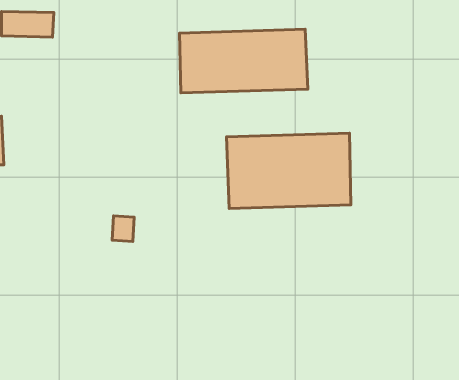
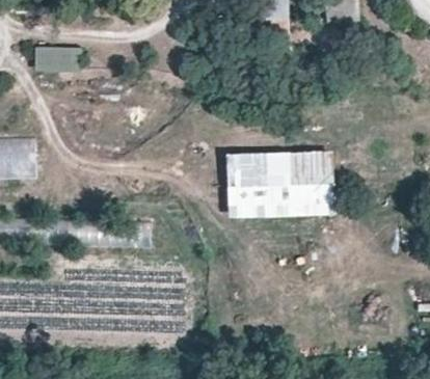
building: [180,29,308,93] -> none

